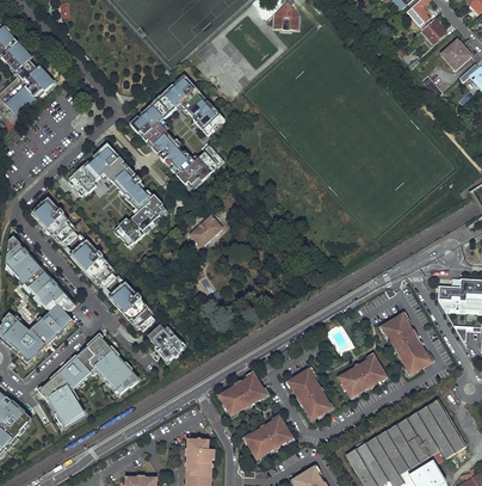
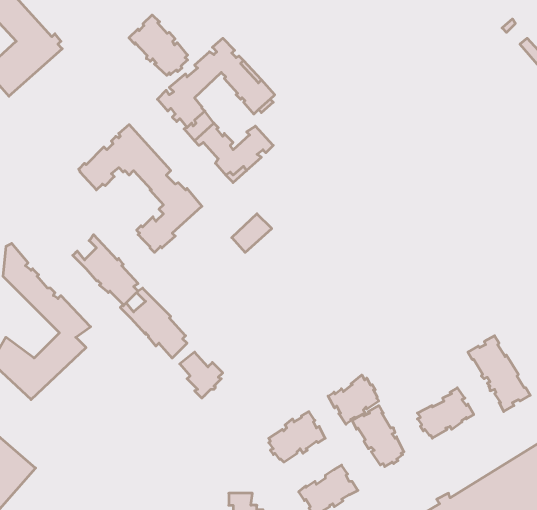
building: none -> [129,15,188,75]
building: [31,197,76,246] -> none
building: [39,334,143,425] -> none
building: none -> [328,375,379,424]

